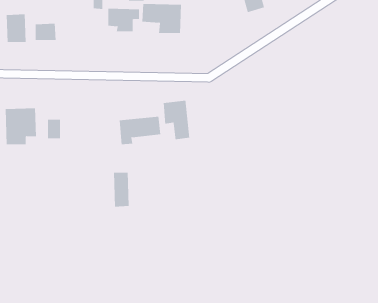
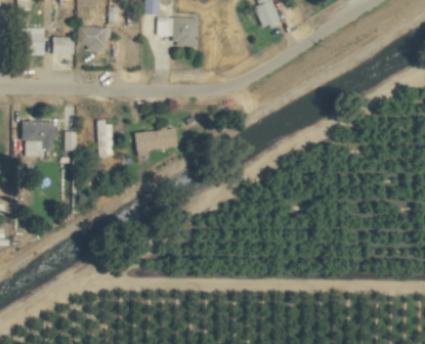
building: [108,8,140,32] -> [78,27,110,50]
building: [163,100,190,140] -> none
building: [113,172,130,207] -> [97,122,114,157]

